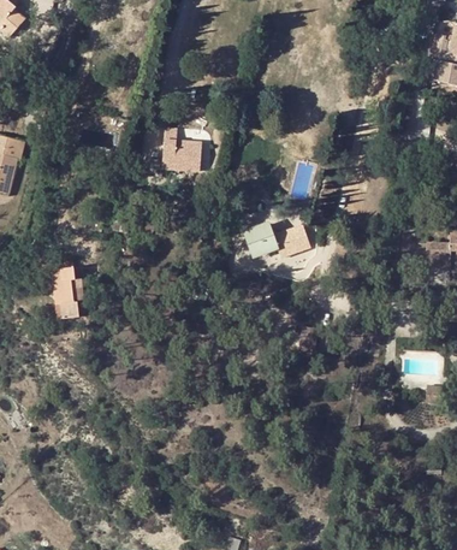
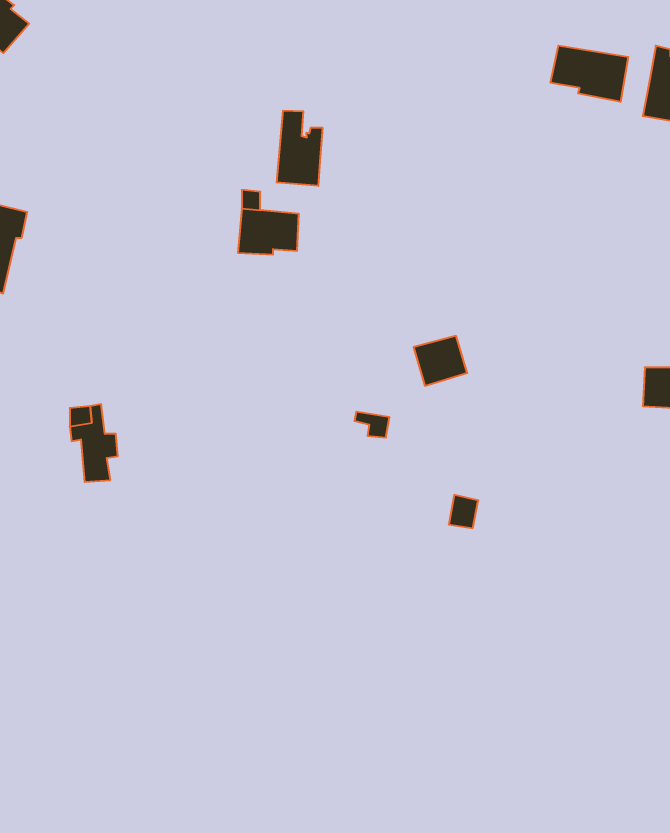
building: none -> [551,46,628,102]
building: none -> [277,111,322,186]
building: [244,224,278,256] -> none

